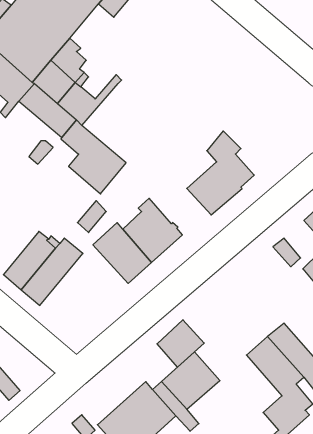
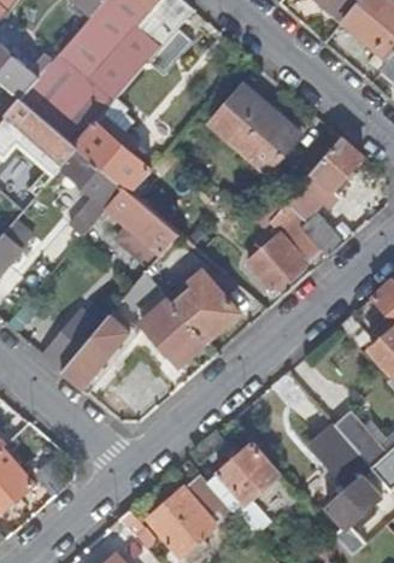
building: none -> [211,86,300,172]
building: none -> [284,136,359,256]
building: [157,320,204,367] -> none

